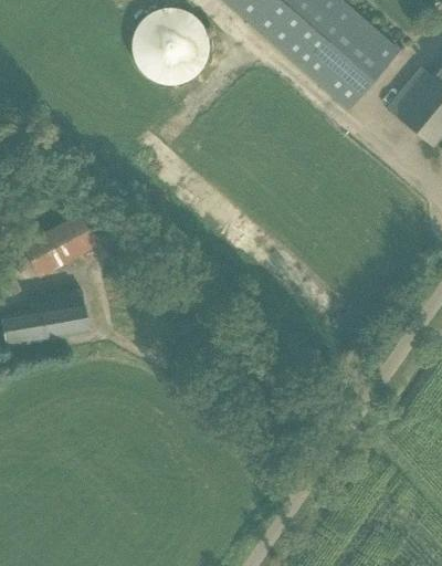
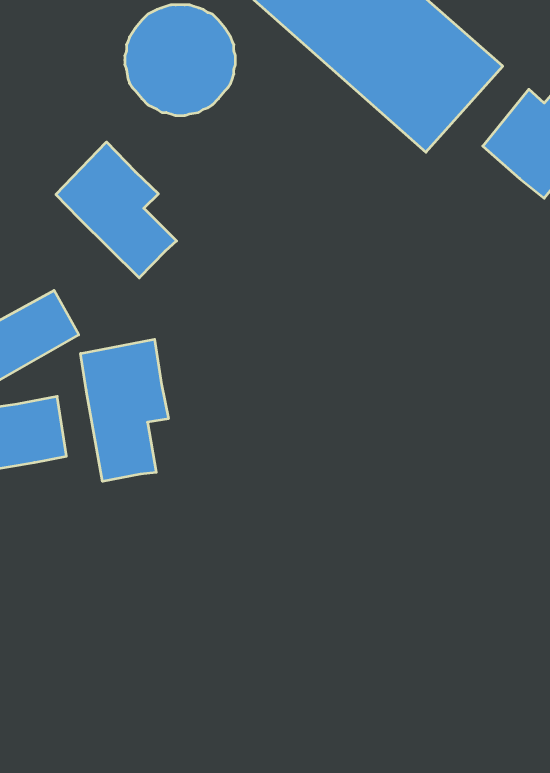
building: none -> [56,142,177,278]
building: none -> [81,339,168,481]

